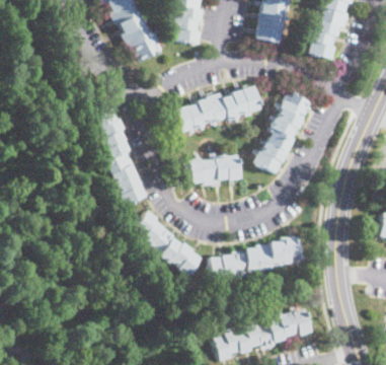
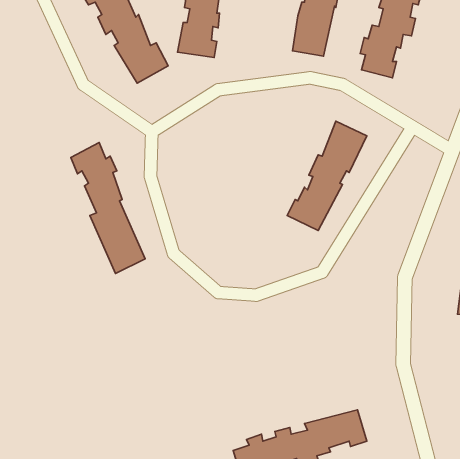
building: [176,85,261,133] -> none
building: [189,153,242,186] -> none
building: [135,211,202,278] -> none
building: [211,236,303,282] -> none

